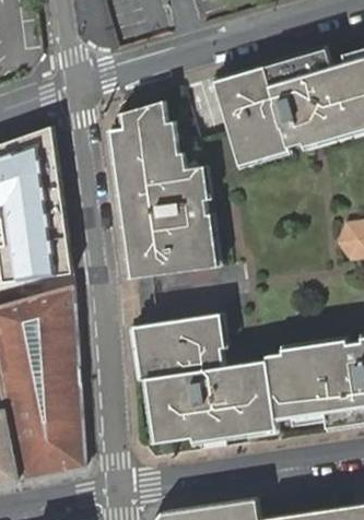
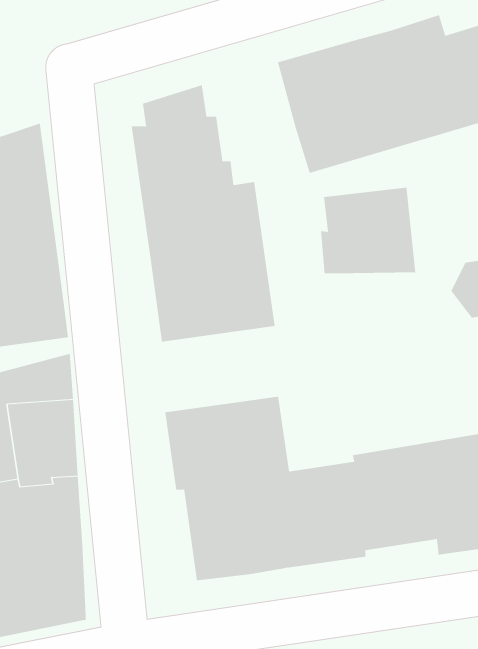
building: none -> [320,187,416,274]

